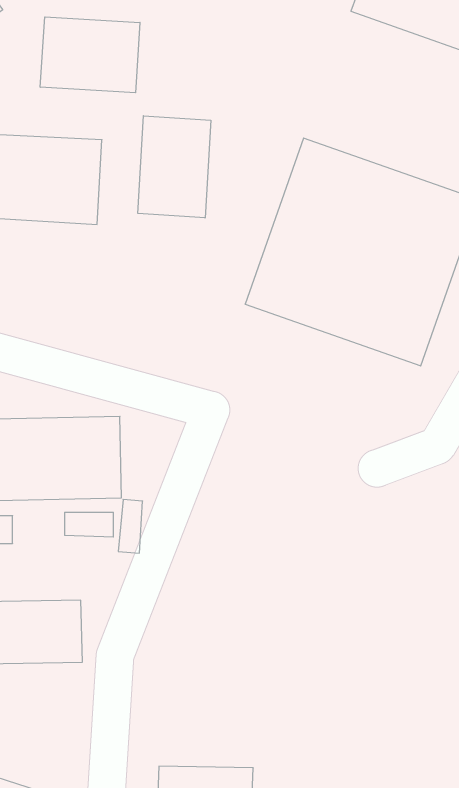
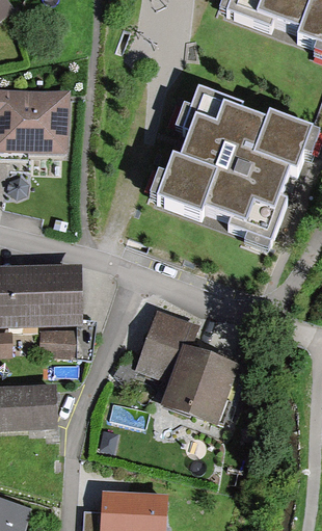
building: [40,17,140,93] -> none
building: [138,116,211,218] -> none
building: none -> [137,308,233,417]

